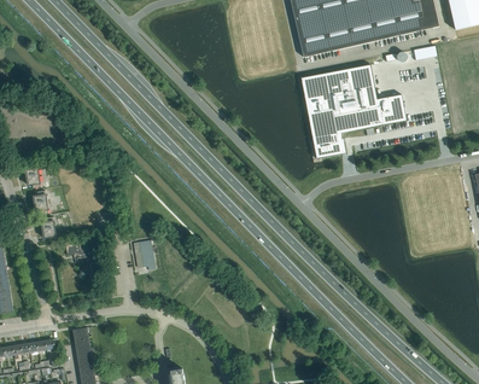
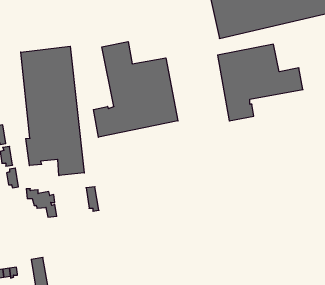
building: none -> [93,42,178,137]
building: none -> [21,46,84,176]

